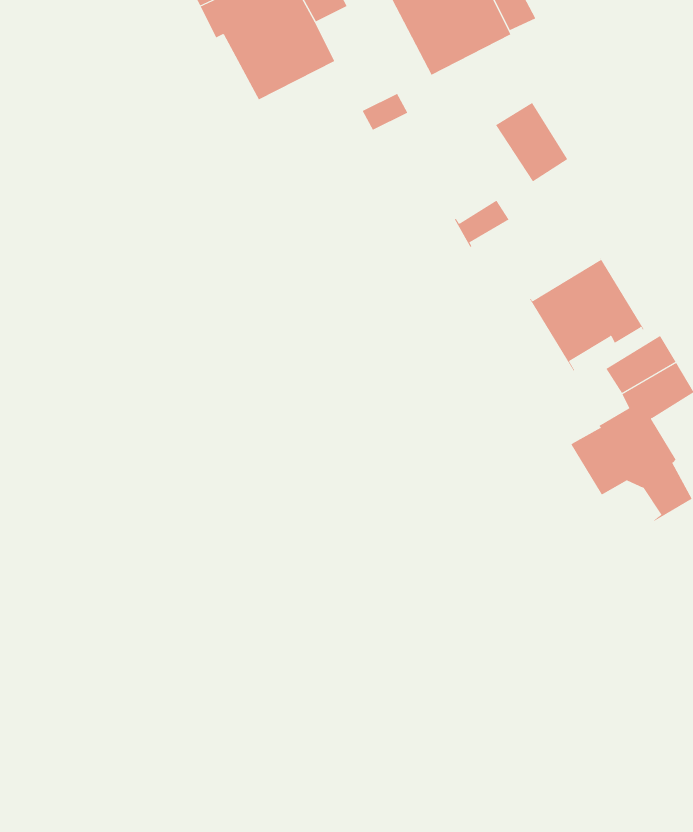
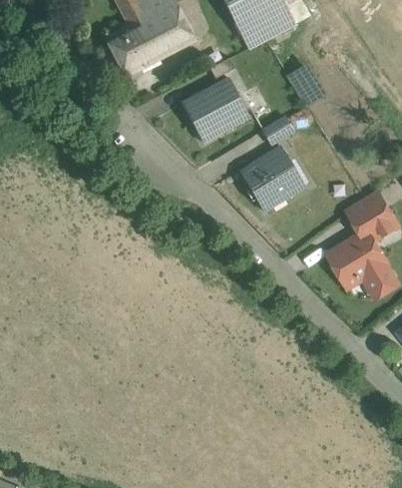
building: none -> [104,23,151,75]
building: none -> [181,77,248,139]
building: [529,256,645,372] -> [240,145,305,210]

